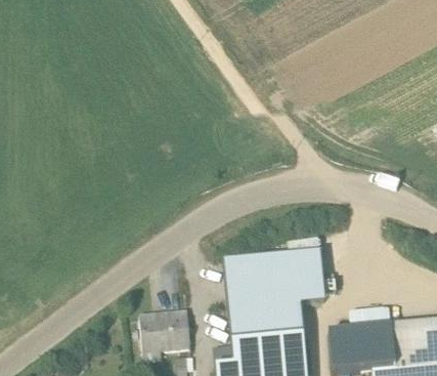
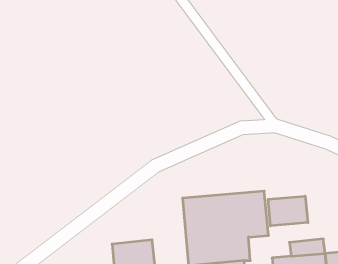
building: none -> [268,196,308,226]

